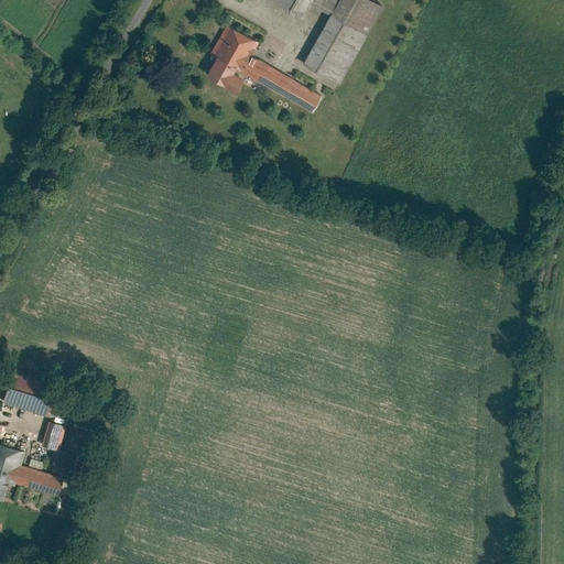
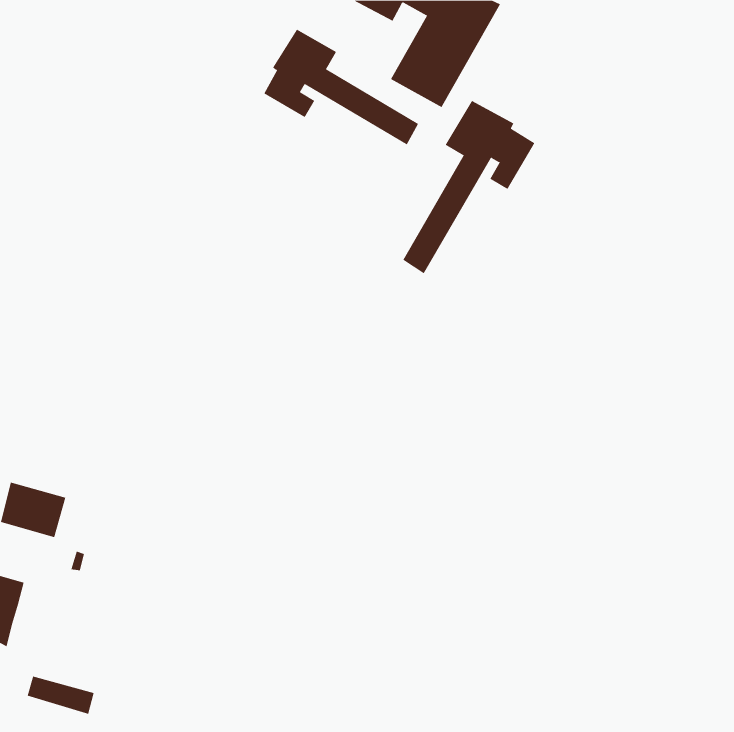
building: none -> [402,100,535,274]
building: [10,465,62,495] -> [27,676,94,715]

